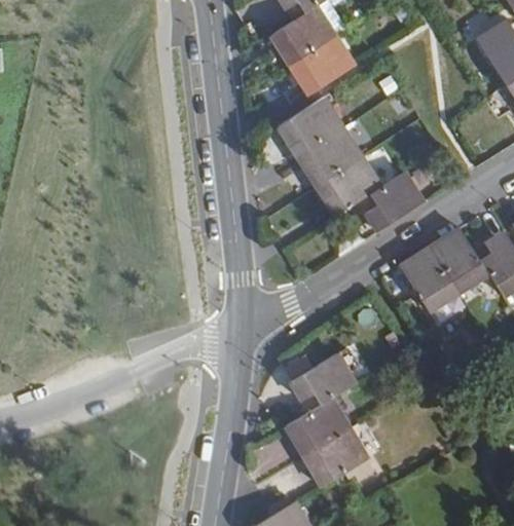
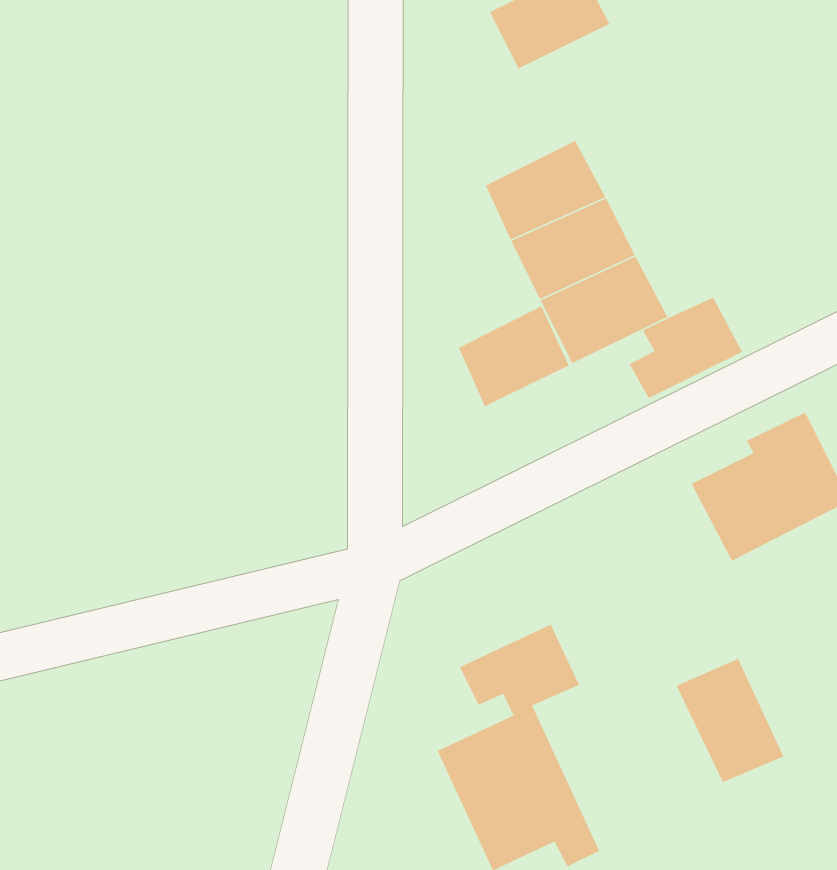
building: [290,35,354,92] -> none
building: none -> [458,305,570,407]
building: none -> [676,658,785,783]

